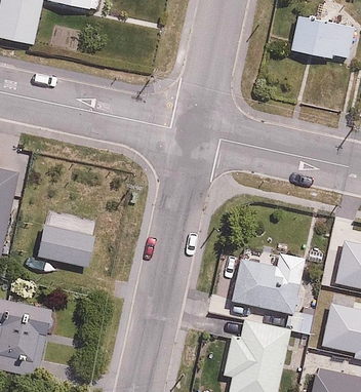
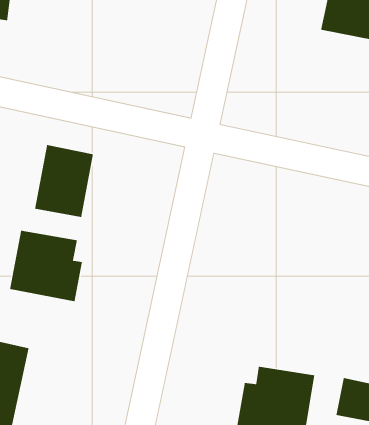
building: none -> [34,144,94,218]
building: [231,252,303,314] -> none

